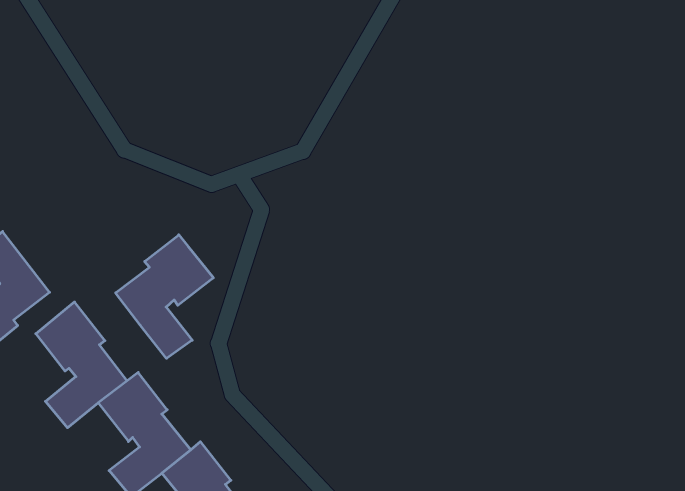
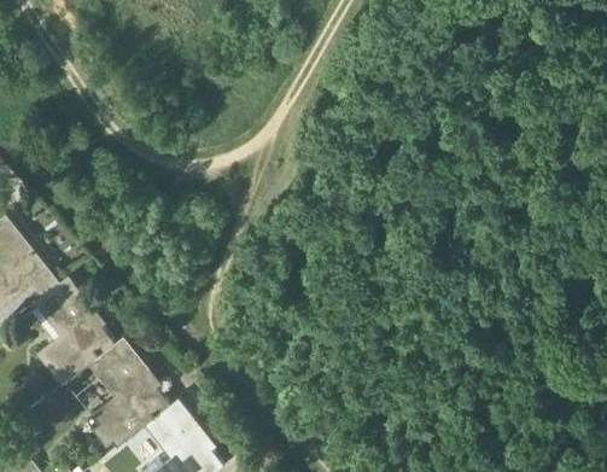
building: [116,235,213,358] -> none

